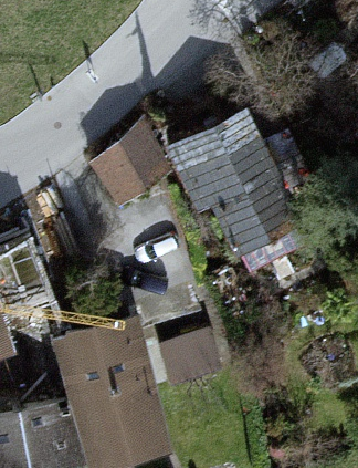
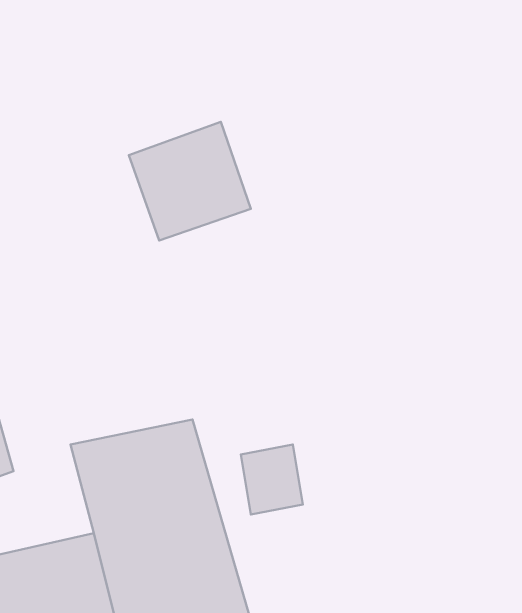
building: [165,110,306,258] -> none

